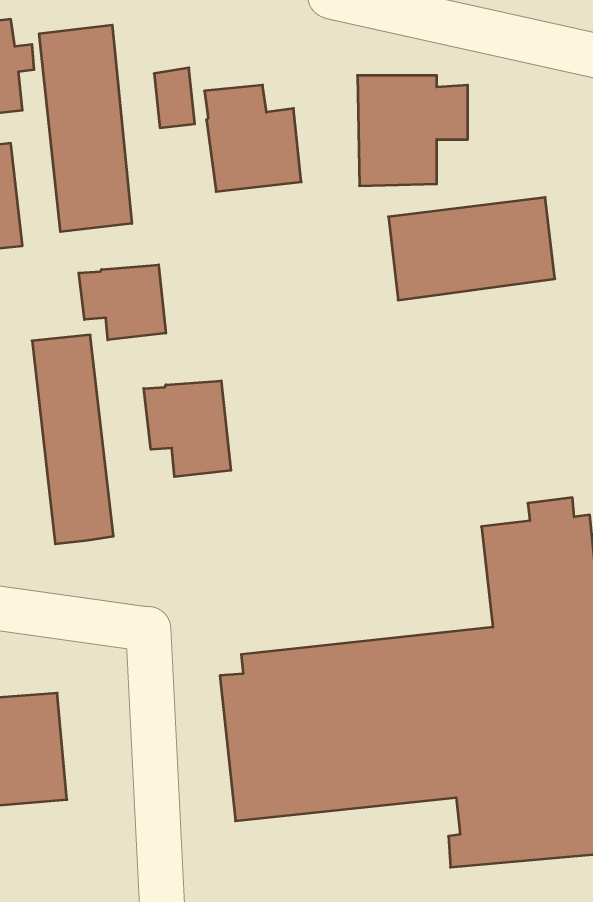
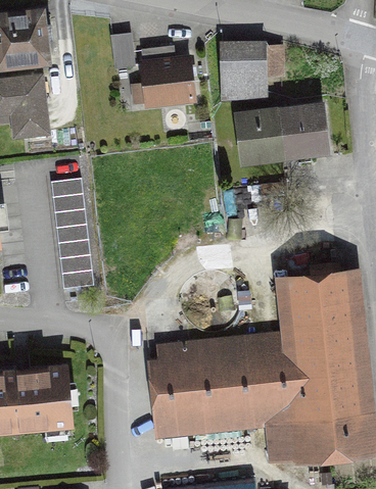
building: [39,25,132,232] -> none
building: [79,265,166,340] -> none
building: [144,381,231,477] -> none

